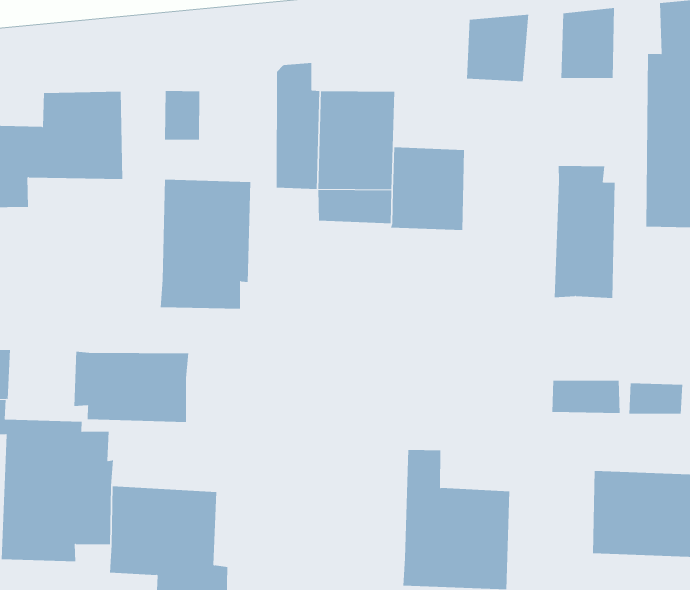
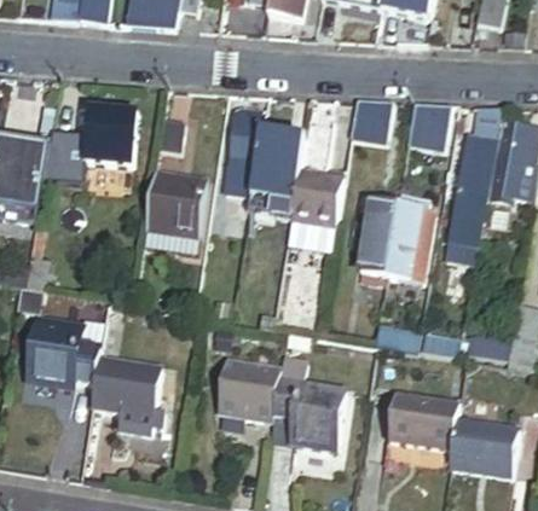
building: none -> [359,201,399,277]
building: none -> [288,219,336,251]
building: [74,351,189,423] -> none
building: none -> [214,360,279,423]

